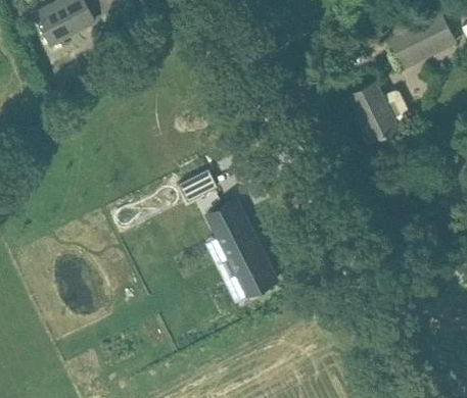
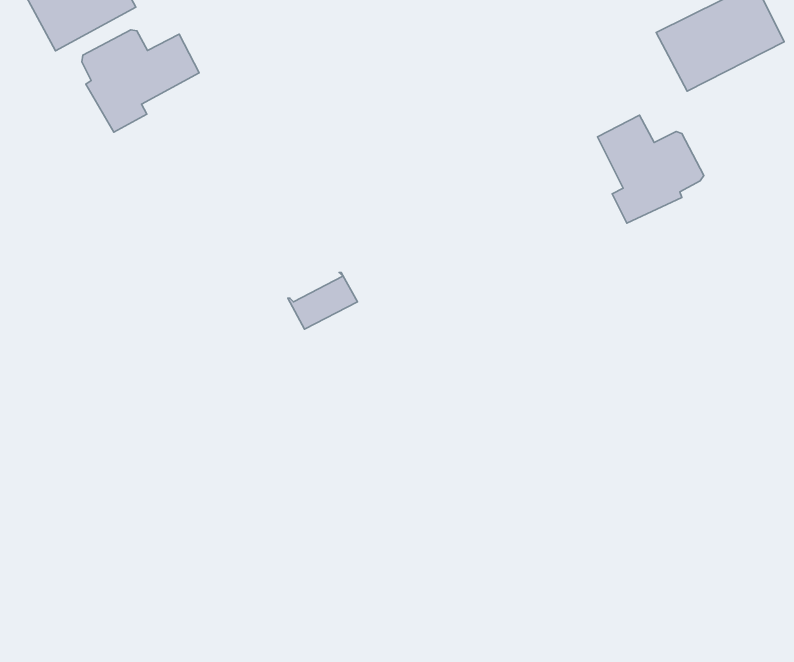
building: none -> [82,30,199,132]
building: [208,201,278,296] -> none

